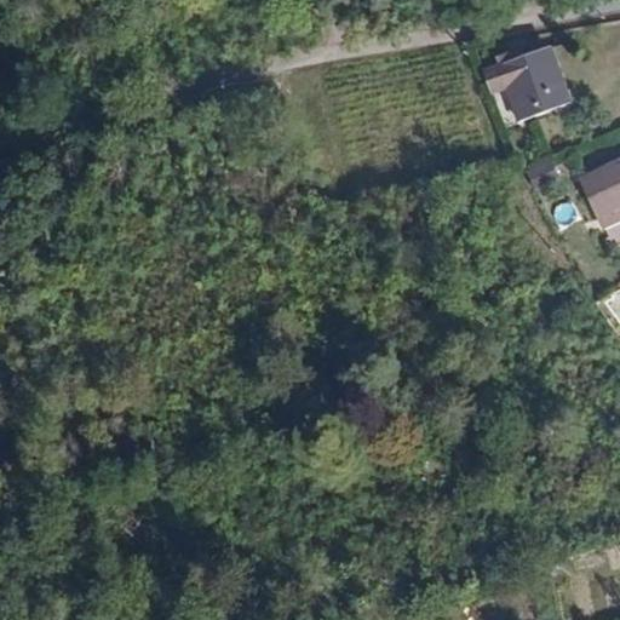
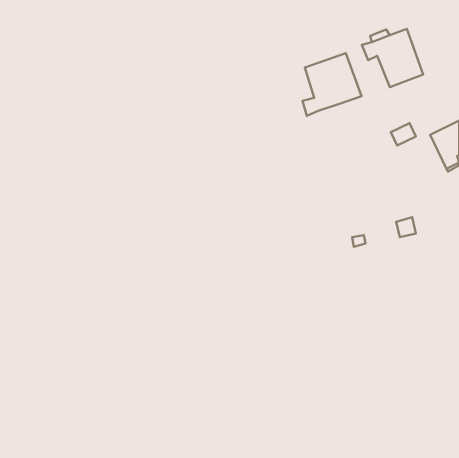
building: none -> [302,53,362,116]

